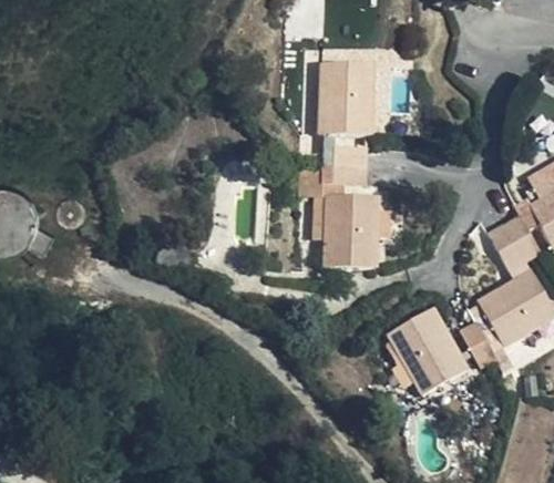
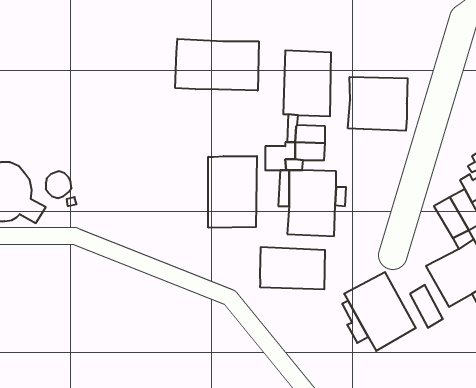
building: none -> [175,39,259,91]
building: none -> [348,77,408,131]
building: none -> [208,156,257,228]
building: none -> [260,247,325,289]

